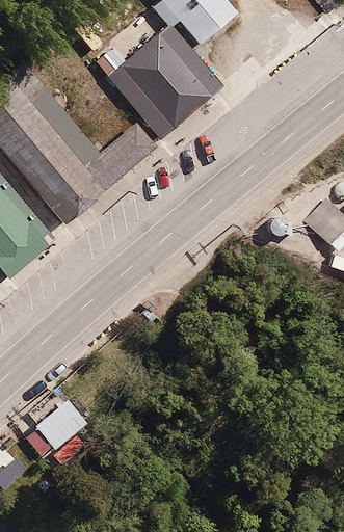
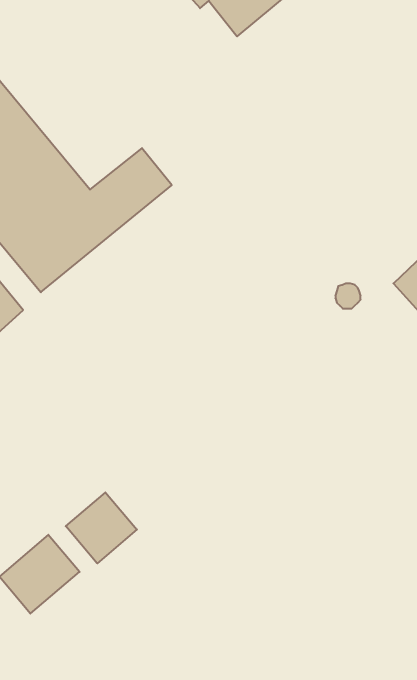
building: [109,25,224,139] -> none
building: none -> [66,492,137,563]

